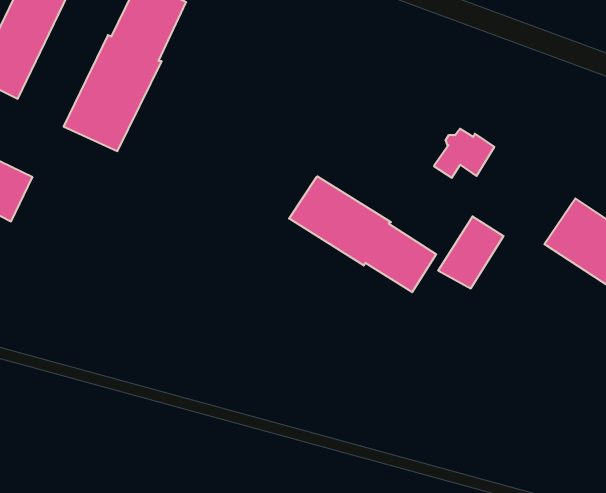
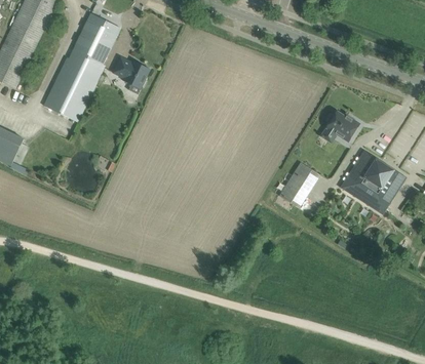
building: none -> [112,56,150,88]
building: [434,129,494,178] -> [320,112,358,143]
building: [289,176,436,292] -> none

